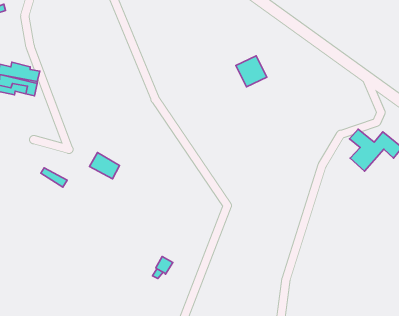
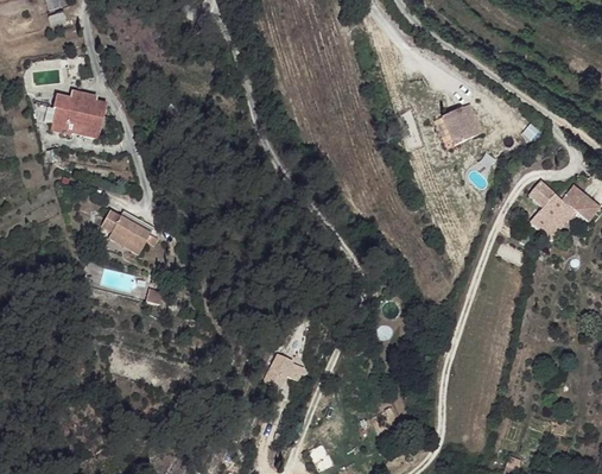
building: [236,56,267,87] -> [441,102,482,144]
building: [90,152,120,179] -> [115,215,156,251]

